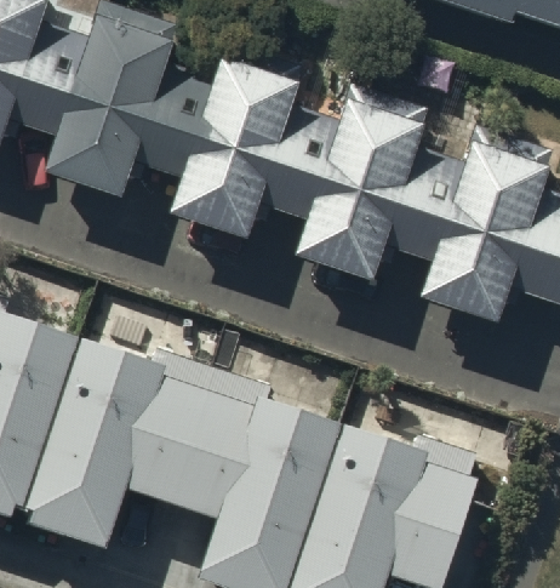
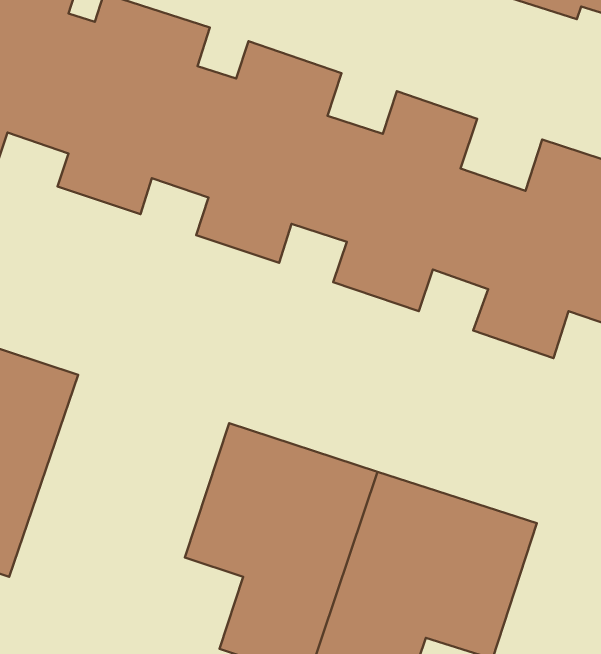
building: [12,336,205,542] -> none

